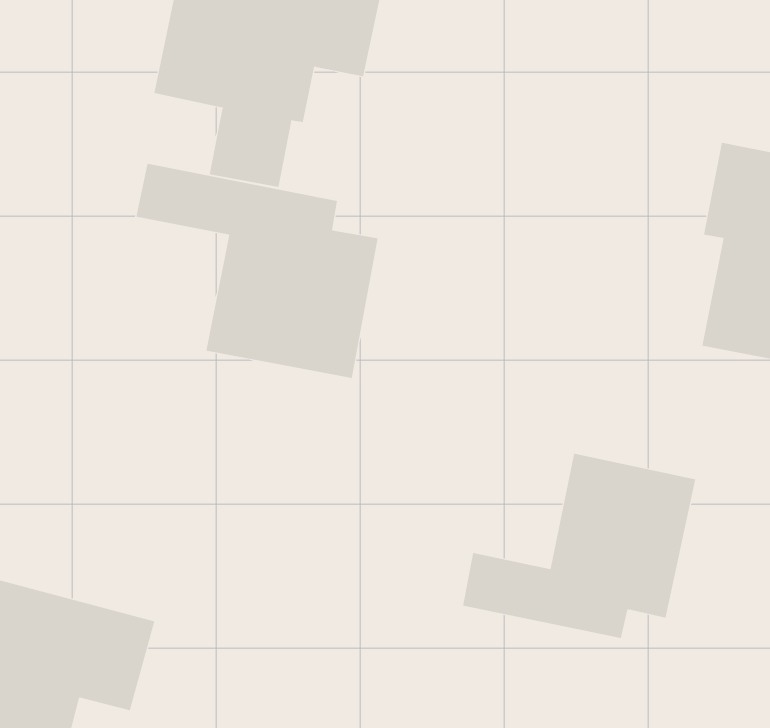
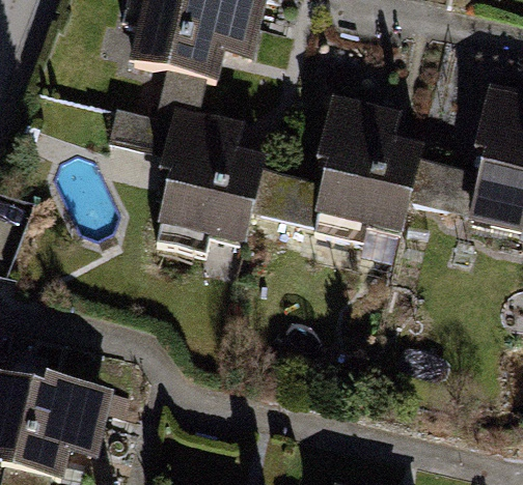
building: none -> [253,96,420,255]
building: [462,453,696,639] -> none

